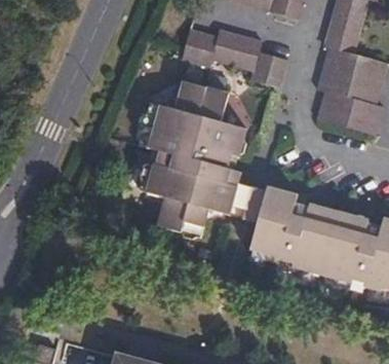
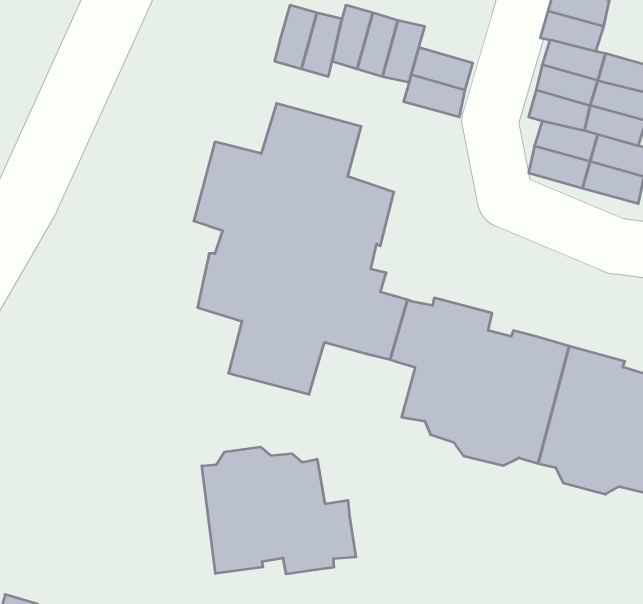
building: none -> [202,447,356,574]

